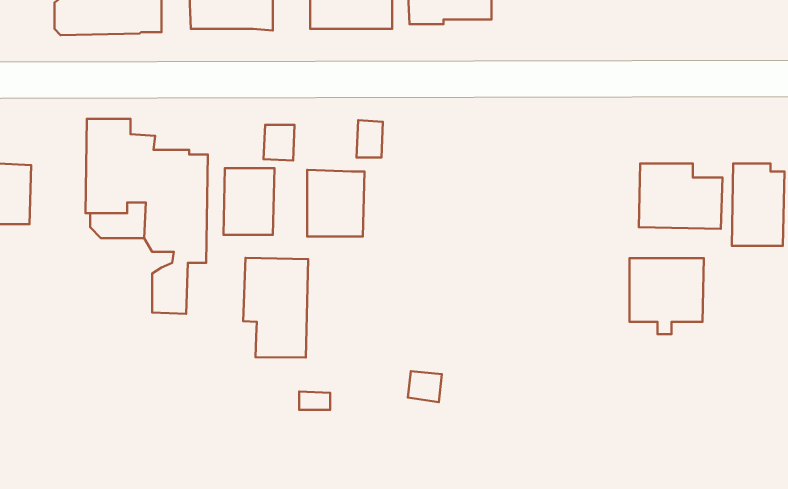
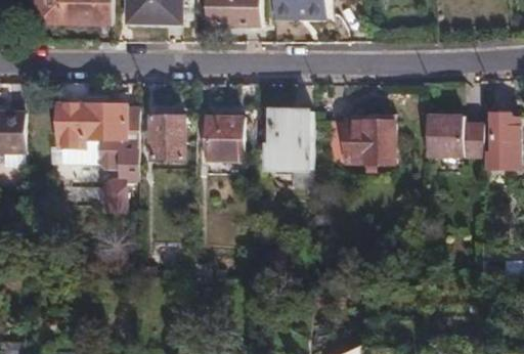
building: none -> [264,112,310,170]
building: [243,258,308,358] -> none
building: [630,258,704,334] -> [343,121,392,171]

